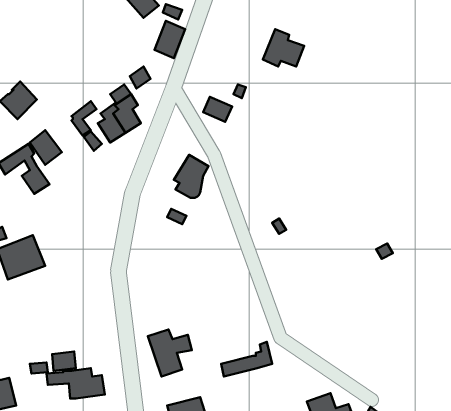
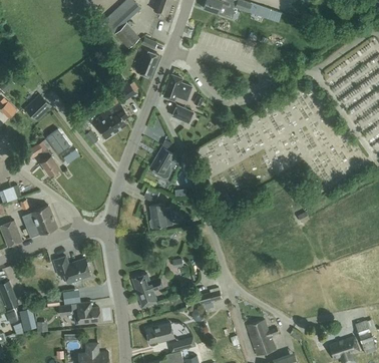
building: [263,29,304,67] -> [162,74,193,101]
building: none -> [149,204,172,229]
building: none -> [53,257,93,286]

